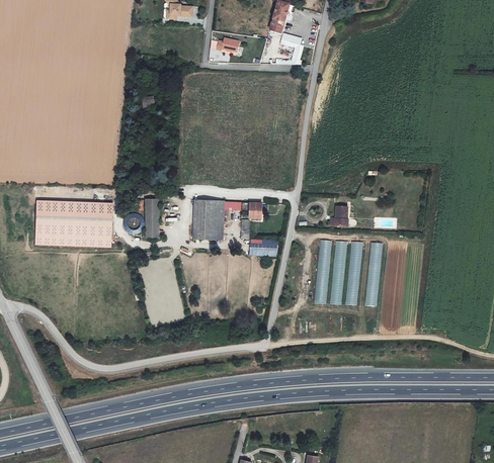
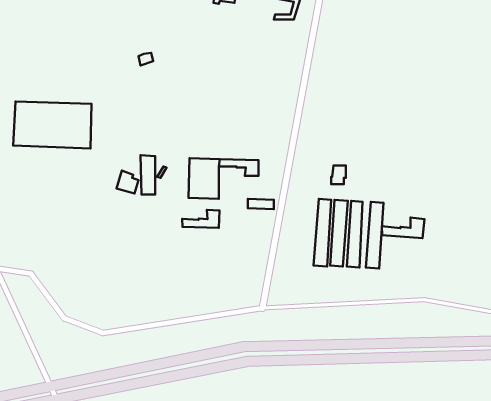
building: [35,200,111,246] -> [13,102,91,148]
building: none -> [182,210,220,228]
building: none -> [382,218,425,238]

